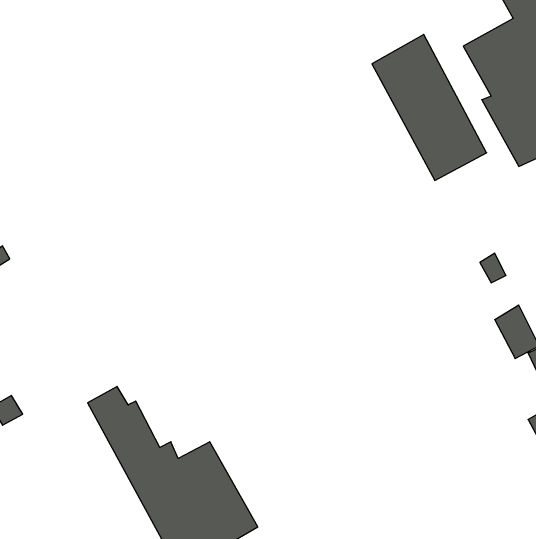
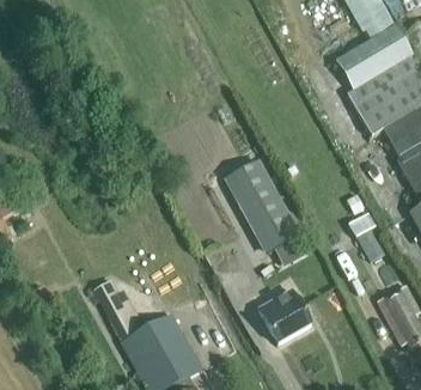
building: [372,34,487,180] -> [225,158,299,252]
building: none -> [258,291,311,345]

